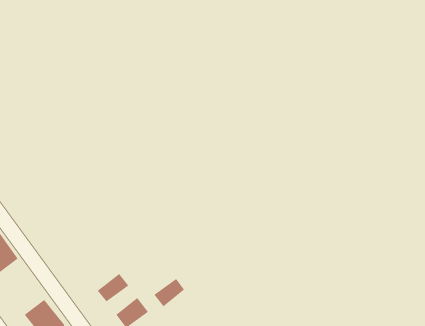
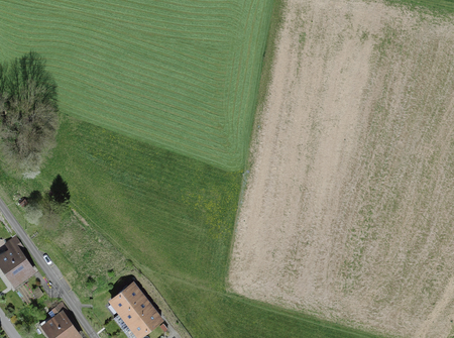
building: [154,278,185,307] -> [120,297,150,325]

